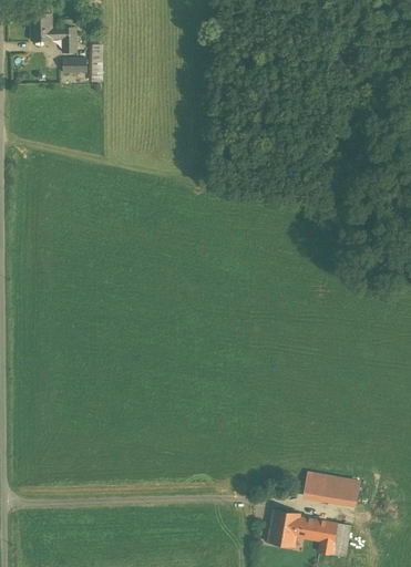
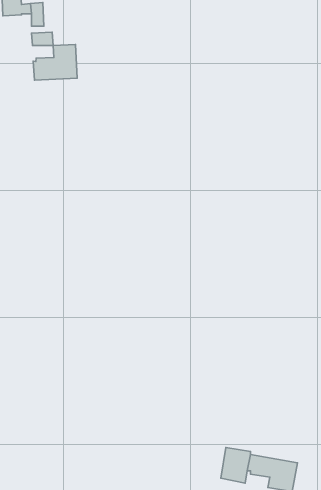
building: none -> [33,45,77,80]
building: [302,473,359,507] -> none

